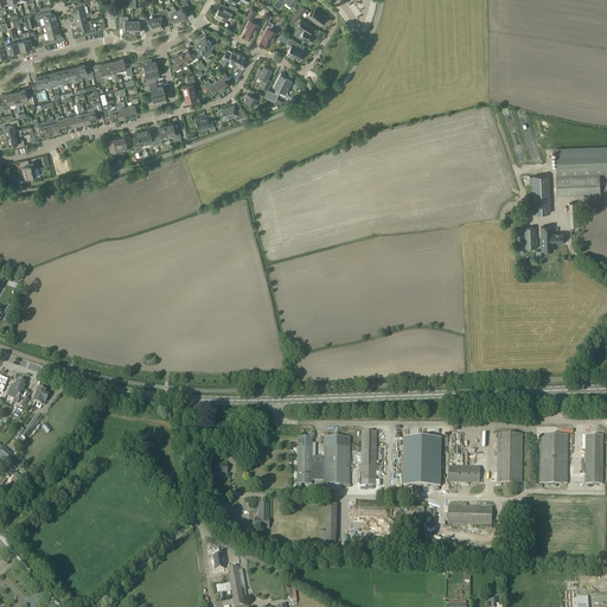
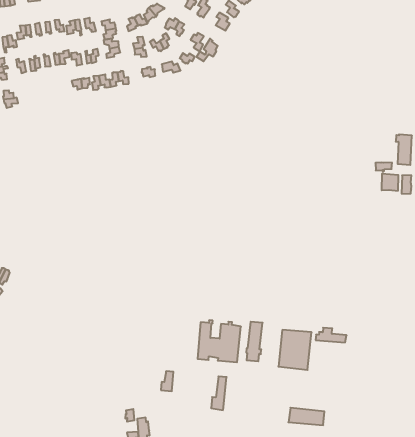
building: [497,433,523,483] -> none
building: [539,434,569,486] -> none
building: [448,466,480,483] -> none
building: [447,505,492,524] -> [288,408,324,425]

